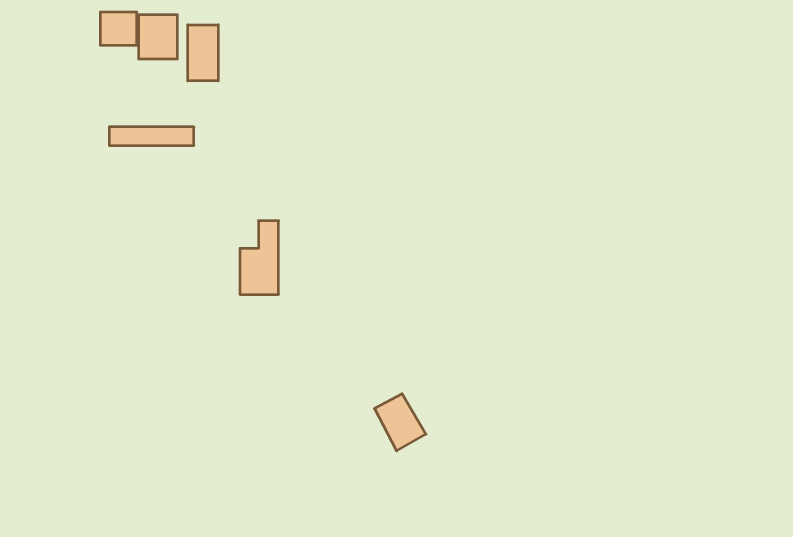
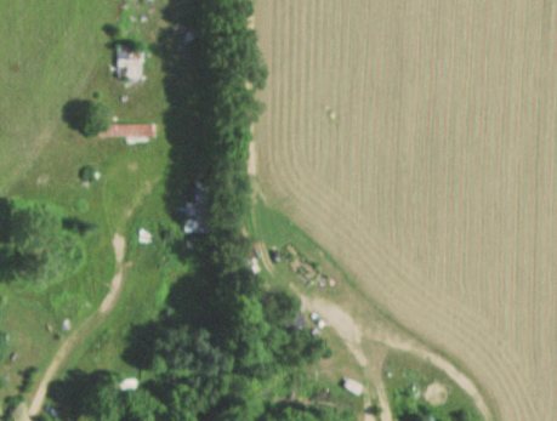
building: [100,12,137,45] -> none
building: [188,25,218,81] -> none

